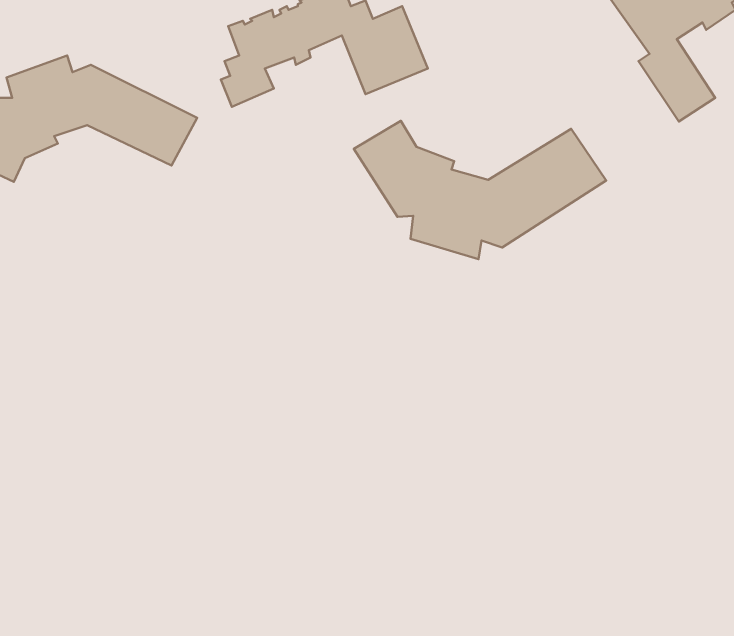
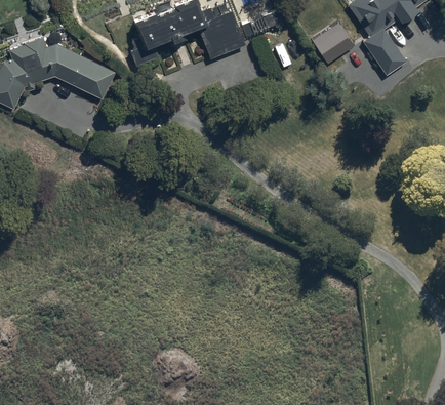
building: none -> [312,23,355,64]
building: [354,121,606,259] -> none

